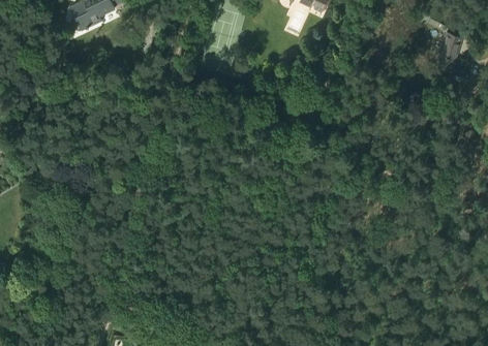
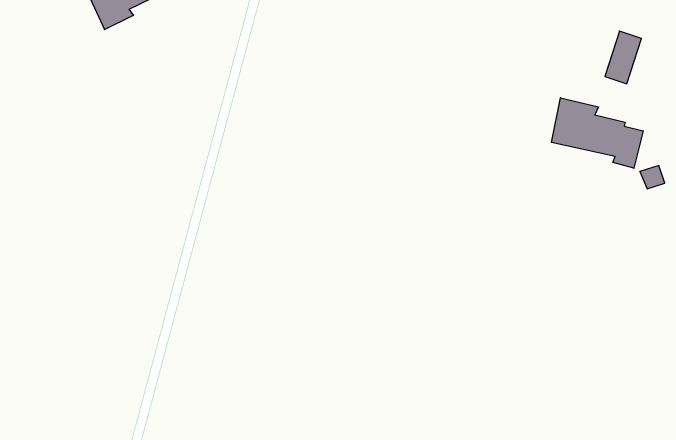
building: none -> [551,98,643,168]

